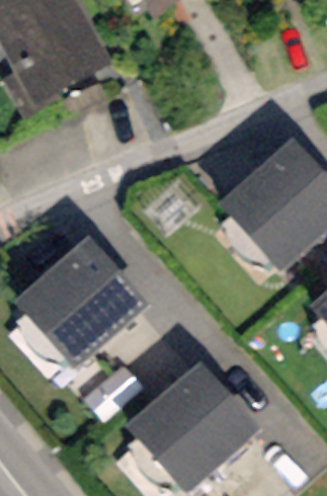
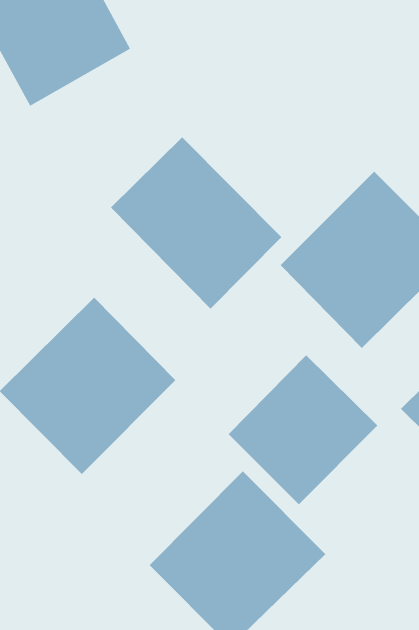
building: none -> [110,137,282,310]
building: none -> [228,355,378,505]

